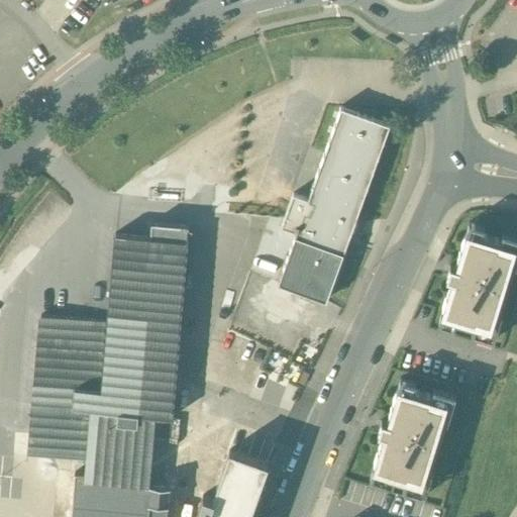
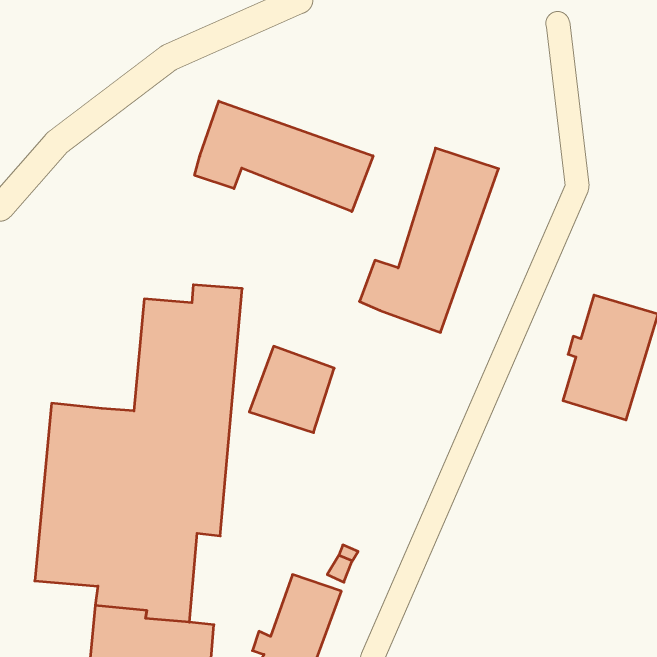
building: none -> [195,101,373,212]
building: [280,244,346,312] -> [249,346,334,433]
building: [373,388,448,486] -> none

